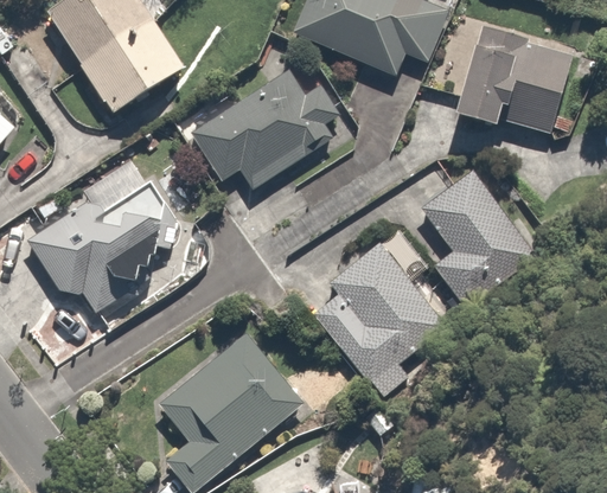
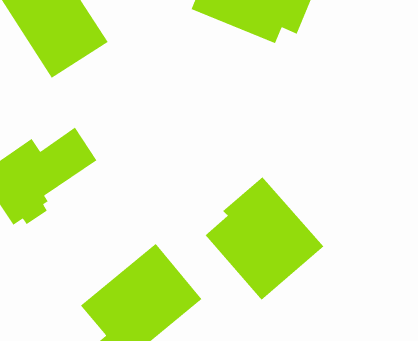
building: [455,28,575,136] -> none
building: [189,69,340,187] -> none
building: [418,168,541,316] -> none

